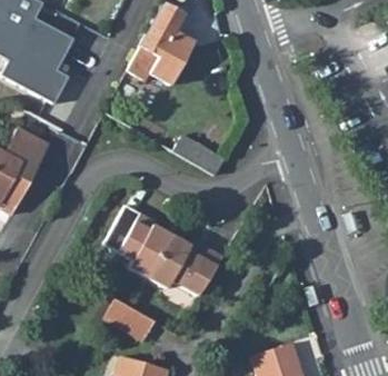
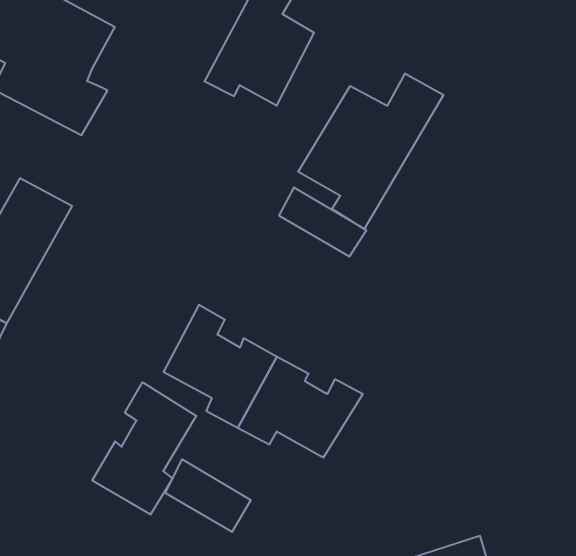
building: none -> [298,73,443,229]
building: none -> [92,382,196,515]

